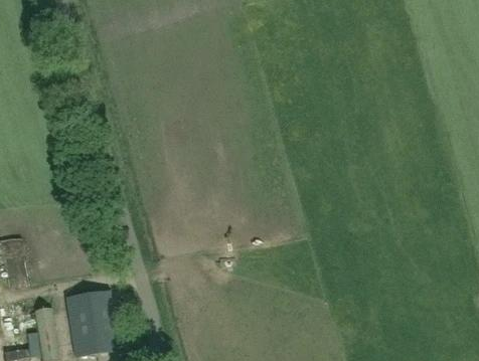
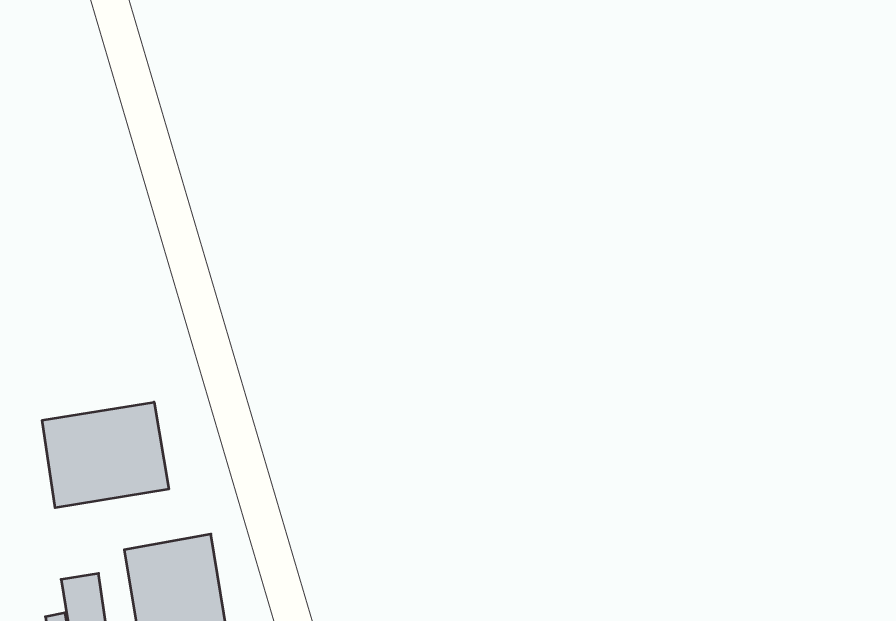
building: none -> [42,402,169,508]

